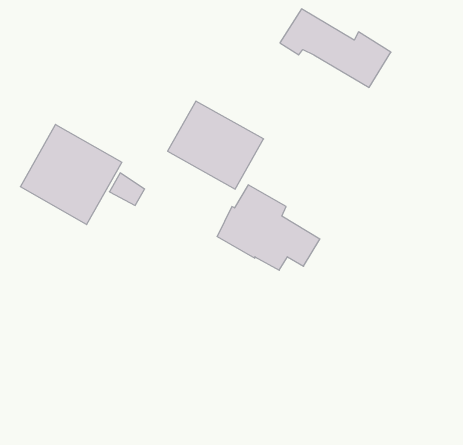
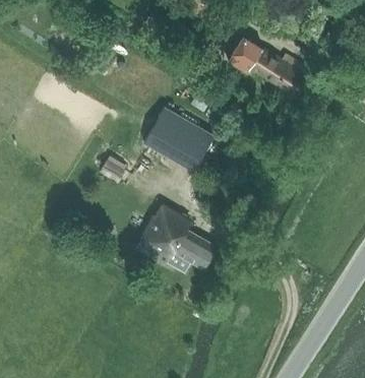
building: [20,124,122,225] -> none
building: [217,185,320,270] -> [138,207,216,271]

